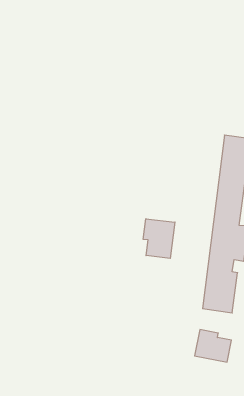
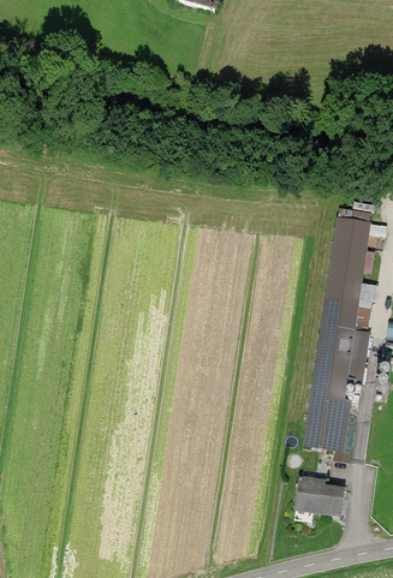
building: [143,219,175,258] -> none

